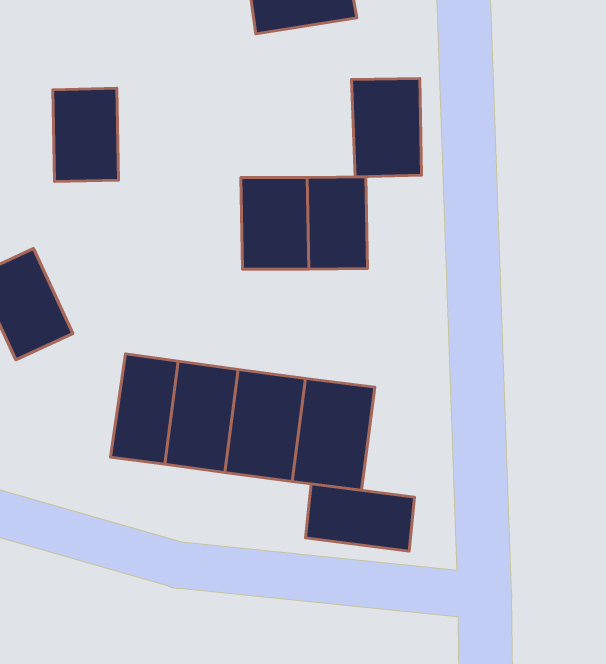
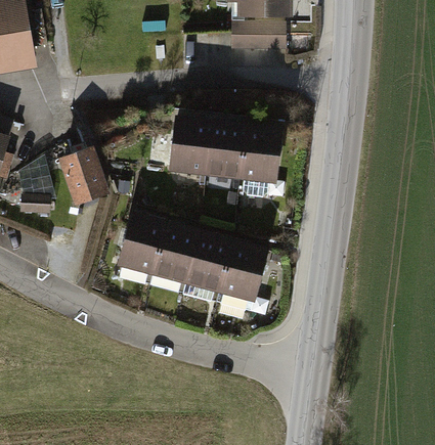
building: [352,78,421,177] -> none
building: [53,88,119,182] -> [168,120,210,175]
building: [306,484,415,551] -> none

